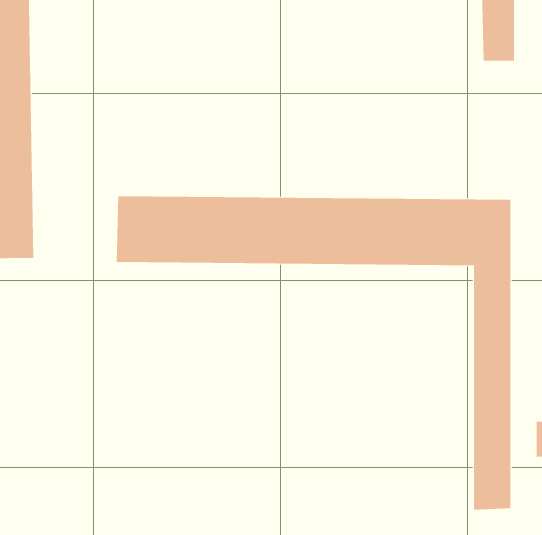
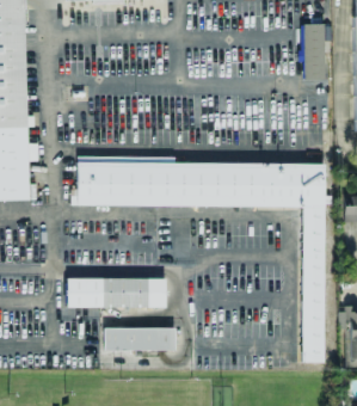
building: none -> [69,279,170,308]
building: none -> [106,326,178,349]

